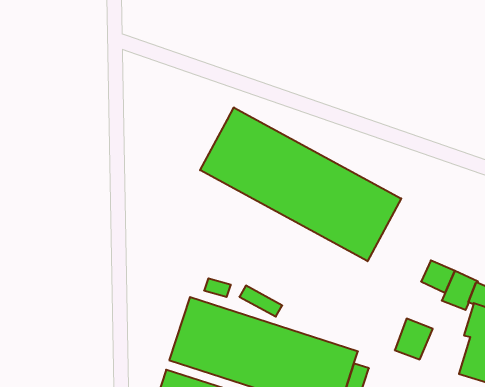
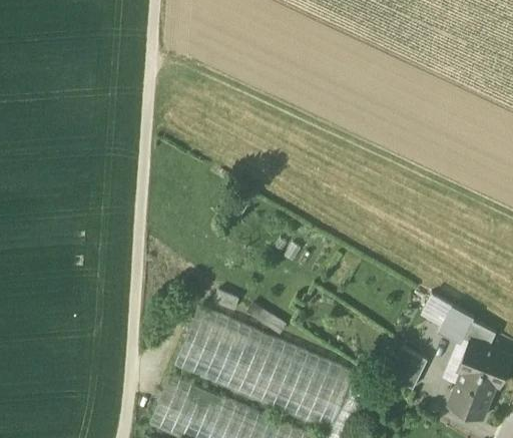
building: [200,107,401,261] -> none

